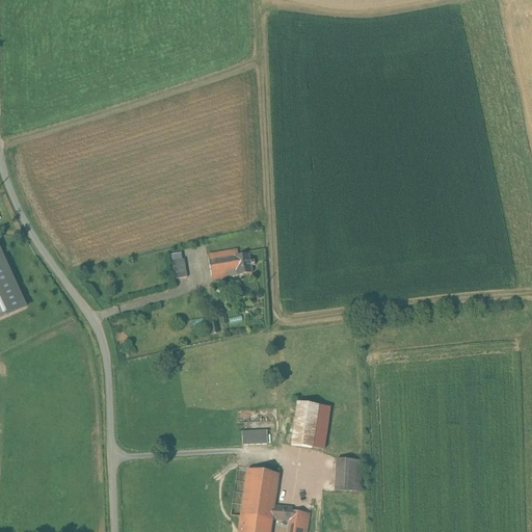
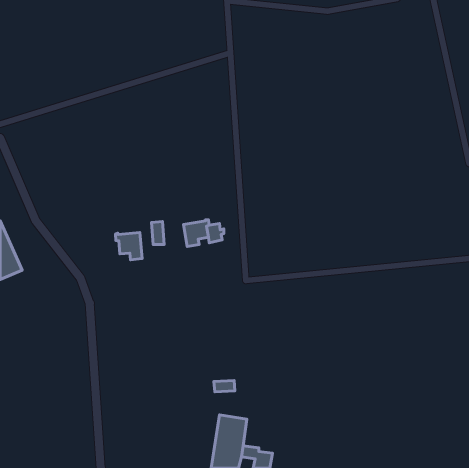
building: none -> [115,233,142,260]
building: [291,401,329,448] -> none
building: [335,457,365,491] -> none

